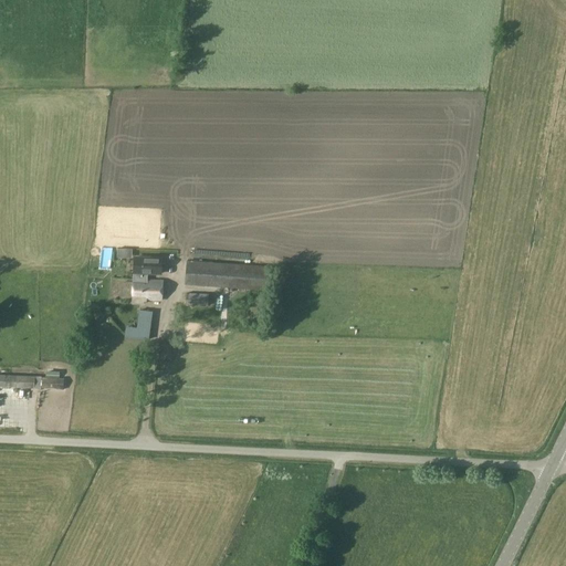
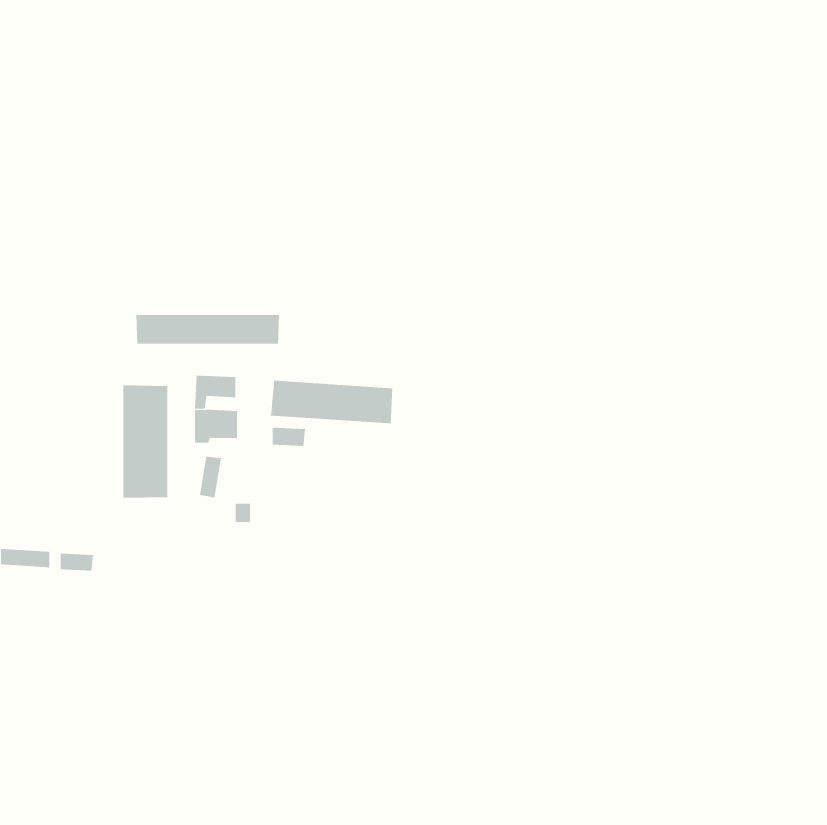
building: none -> [136,314,279,344]
building: none -> [123,385,168,499]

